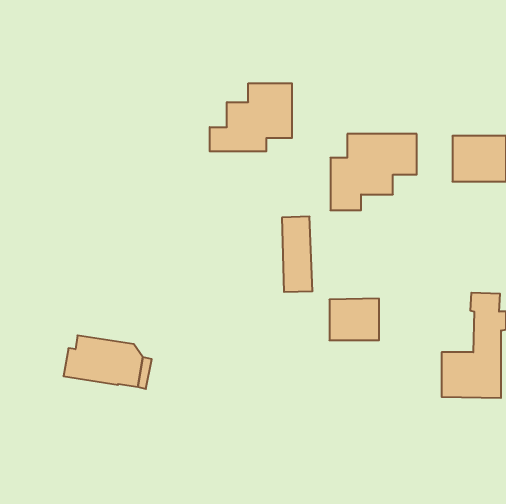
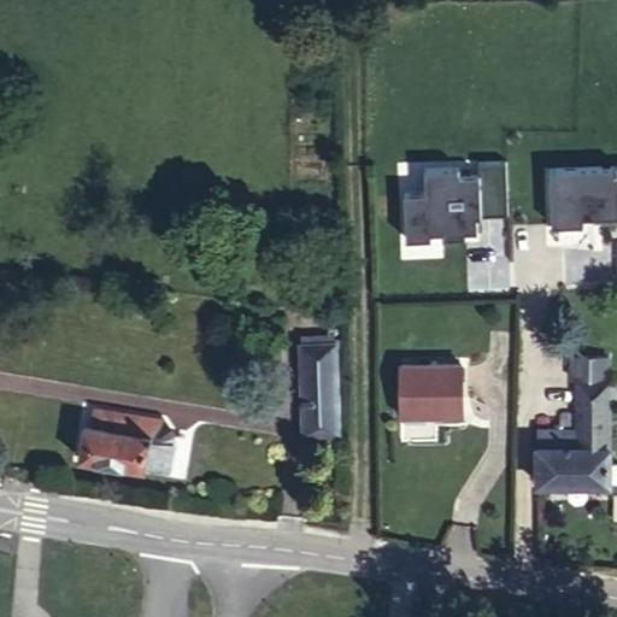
building: [210,83,292,151] -> none
building: [282,217,313,292] -> [300,345,337,436]

